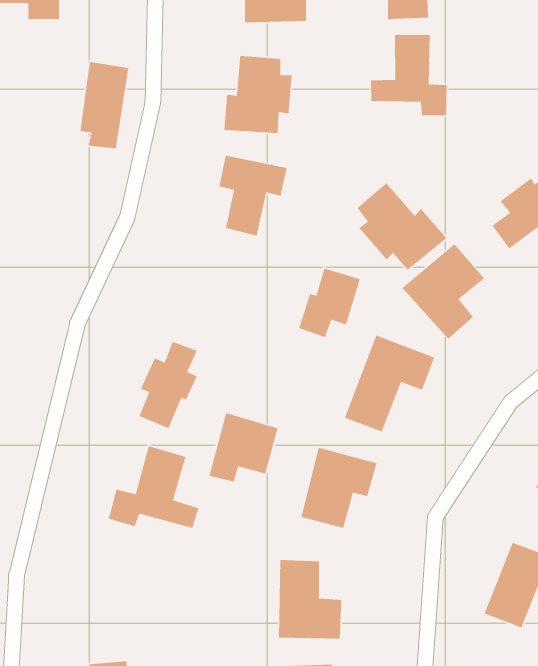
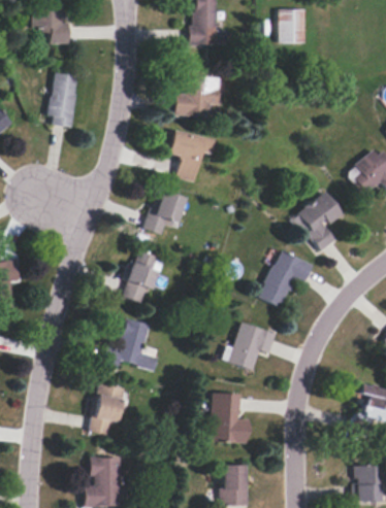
building: [370,34,447,116] -> none
building: [80,61,129,149] -> [49,71,81,128]
building: [357,182,447,271] -> none
building: [298,268,361,338] -> [143,191,184,236]
building: [208,412,279,483] -> none
building: none -> [93,384,126,435]

